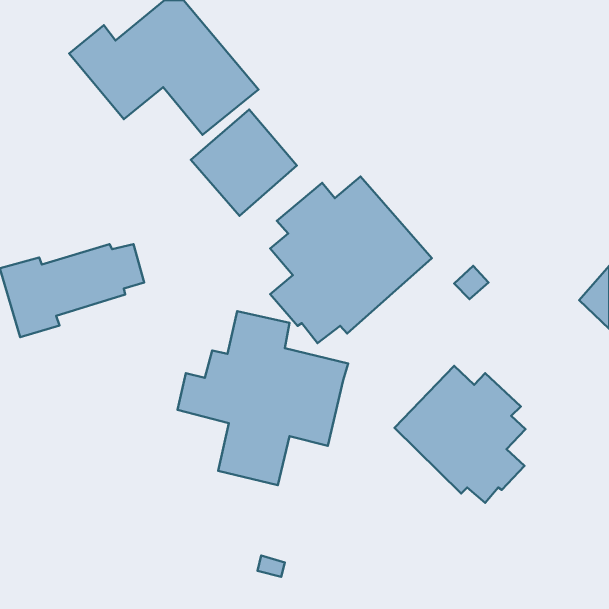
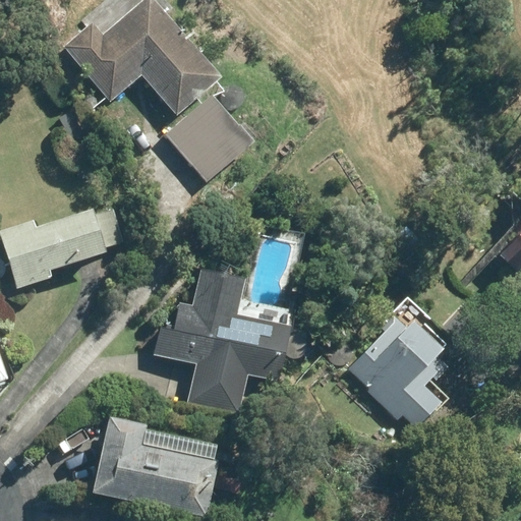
building: [270,176,432,343] -> none
building: none -> [97,414,223,515]

